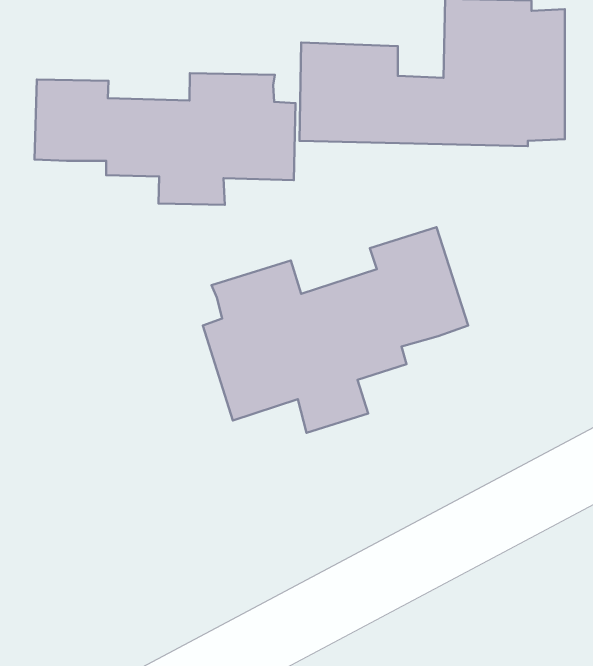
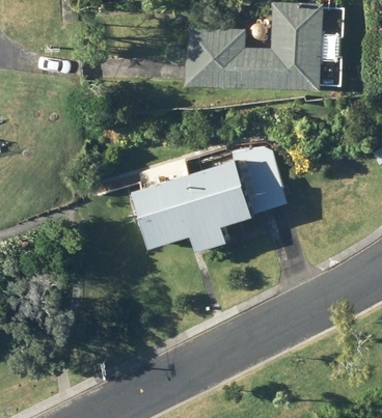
building: [34,73,295,205] -> none

